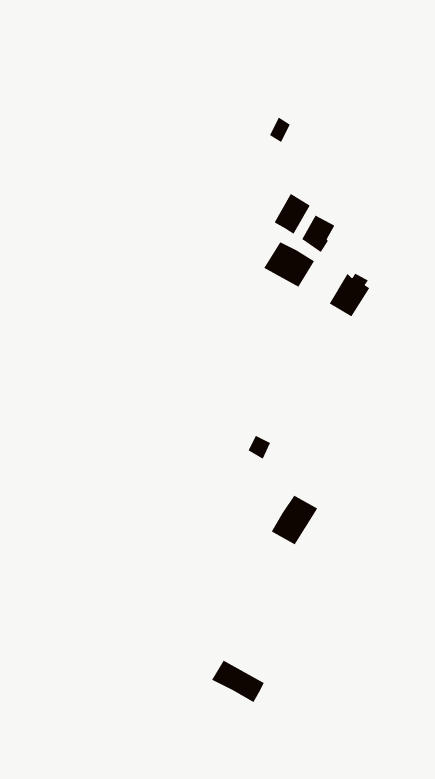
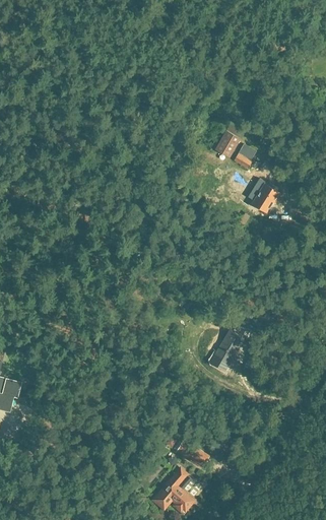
building: [264,241,315,288] -> none
building: none -> [154,467,194,511]

